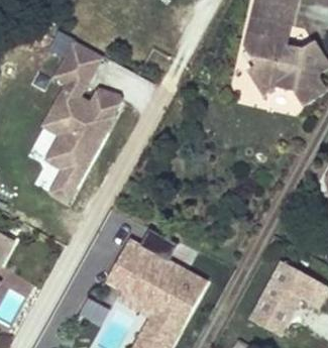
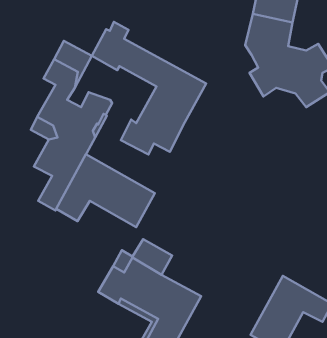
building: none -> [92,22,206,154]
building: none -> [56,154,155,227]

